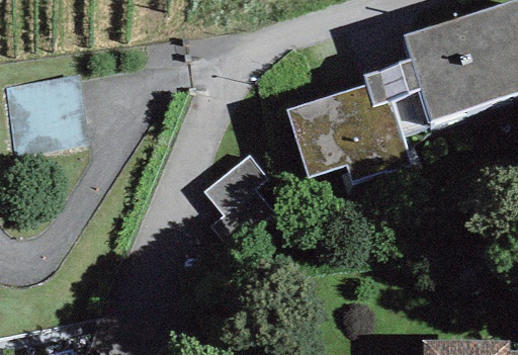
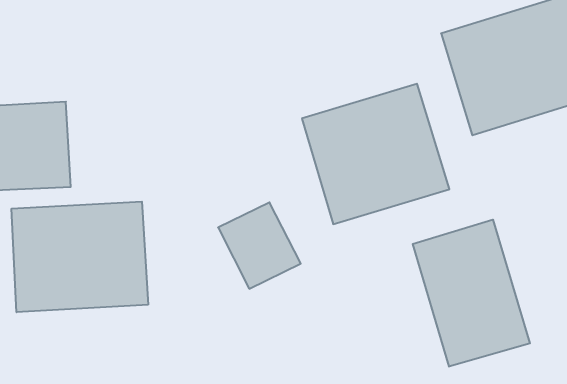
building: none -> [12,202,148,312]
building: none -> [413,220,530,367]

